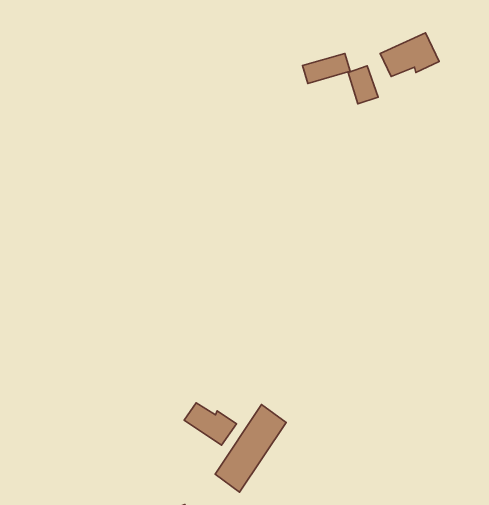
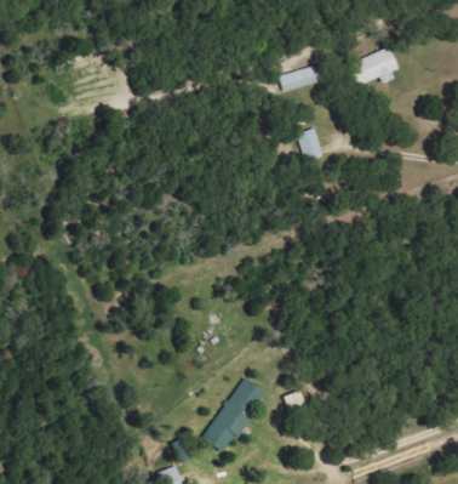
building: [348,66,378,104] -> [297,127,324,161]
building: [184,403,236,445] -> none

